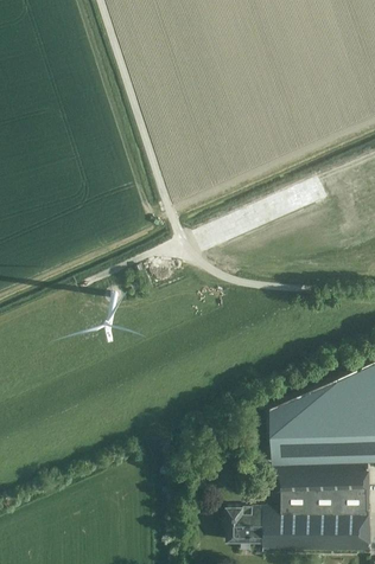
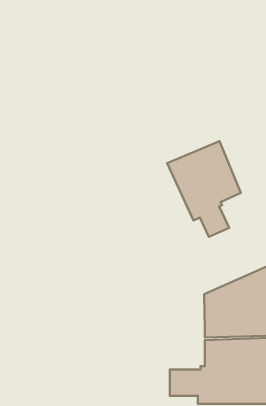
building: none -> [167,141,241,237]

